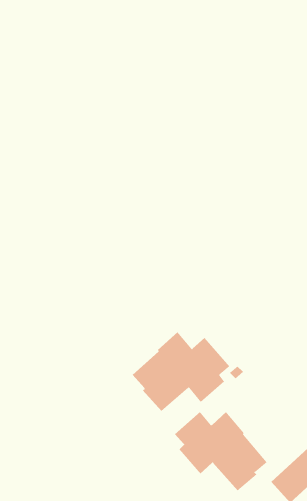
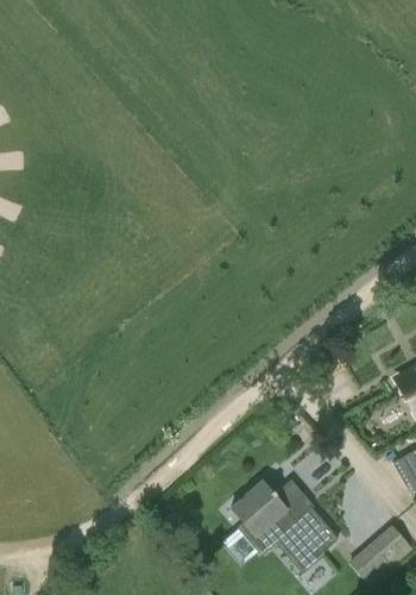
building: [132,331,230,412] -> none

